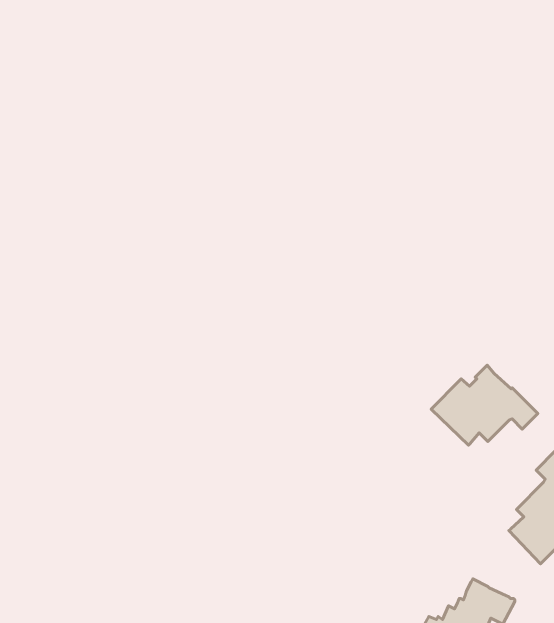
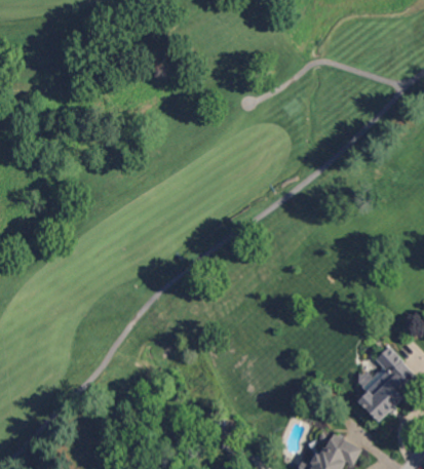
building: [431,365,538,445] -> none

